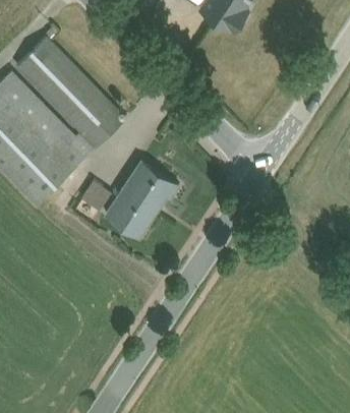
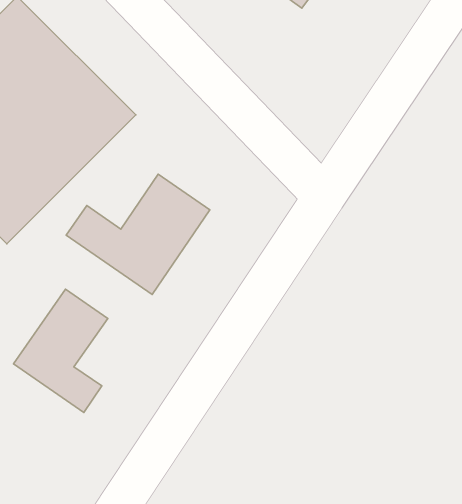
building: none -> [13,289,108,413]

